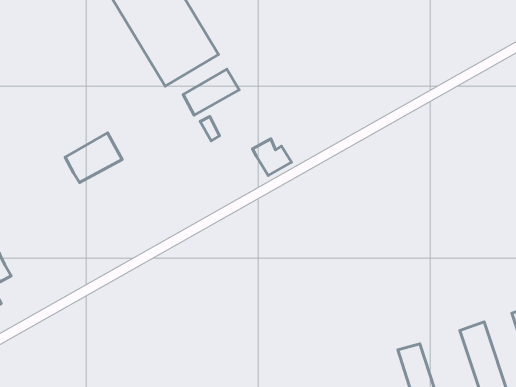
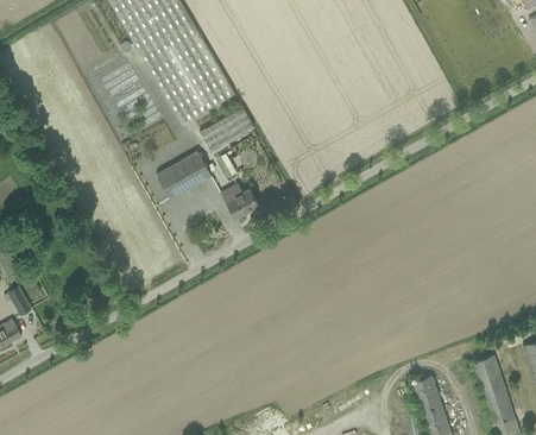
building: [65,133,122,183] -> [156,149,212,197]
building: [253,139,291,175] -> [220,181,258,216]

